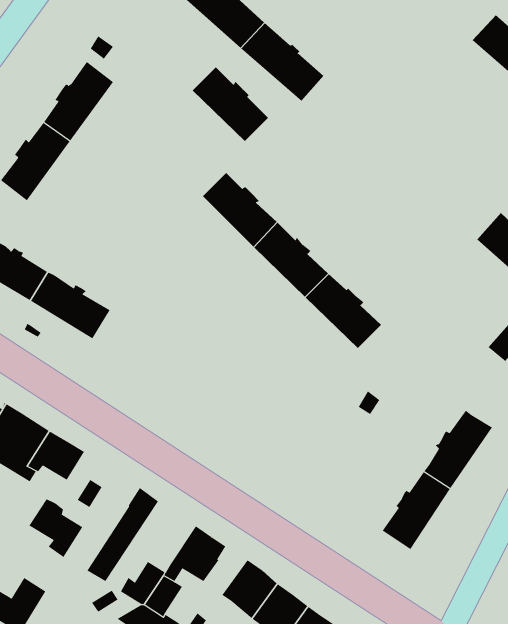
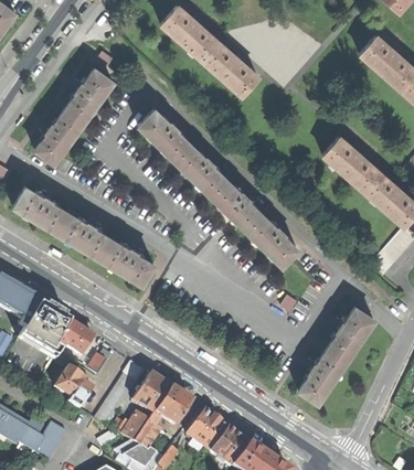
building: [192,66,269,142] -> [138,108,191,160]
building: none -> [322,136,380,190]
building: none -> [99,238,155,284]
building: none -> [132,372,170,413]

